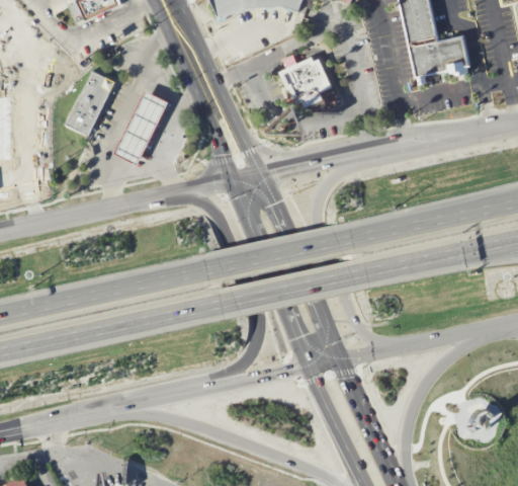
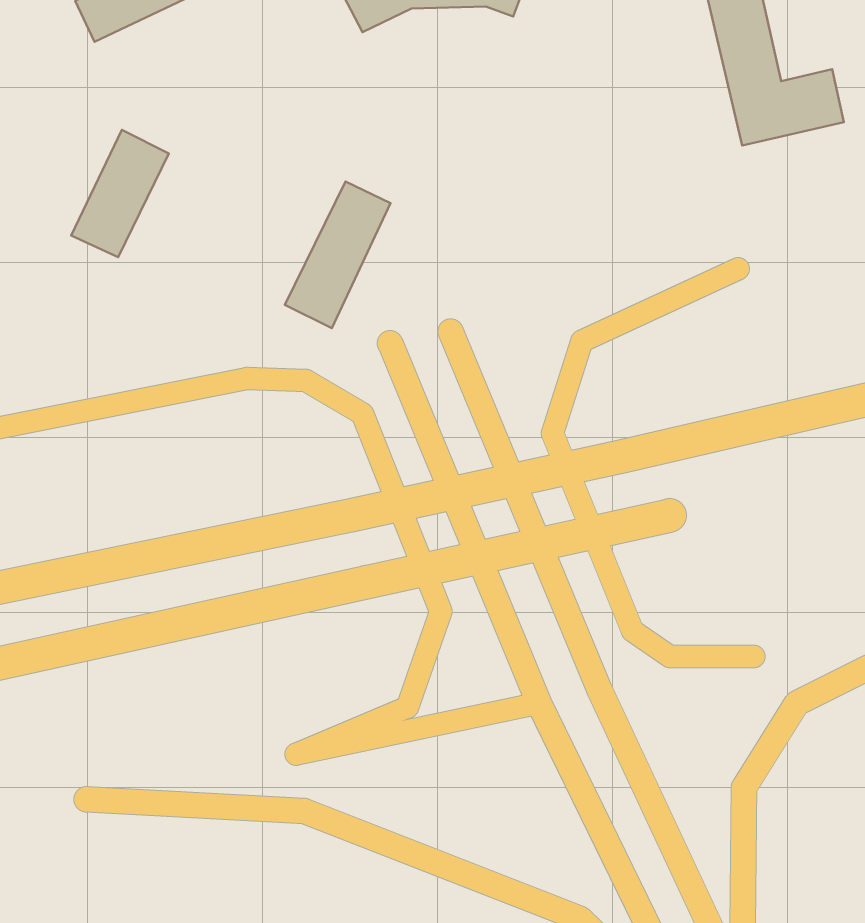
building: [277,56,332,102] -> none
building: [115,90,170,166] -> [285,182,391,328]

